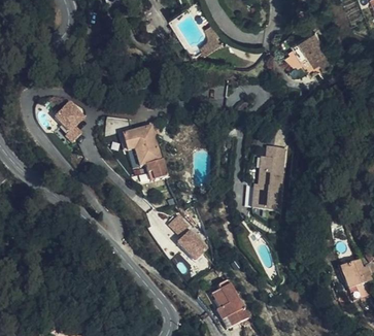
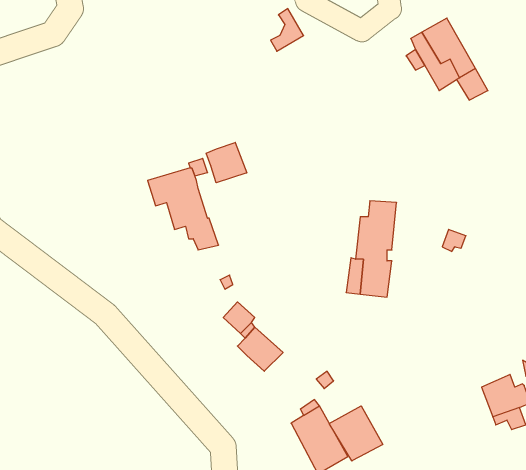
building: [55,102,83,141] -> none
building: none -> [206,142,247,183]
building: none -> [329,406,383,461]

